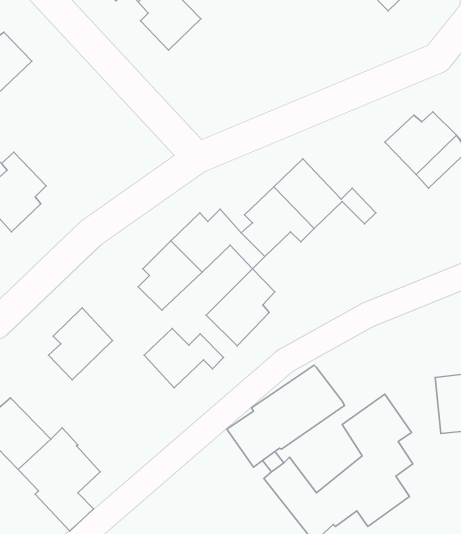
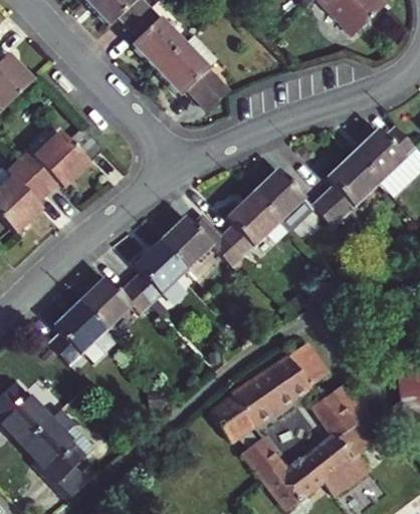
building: none -> [156,35,229,112]
building: none -> [17,127,103,193]
building: none -> [321,154,378,217]
building: [206,269,275,346] -> none
building: [144,328,224,388] -> [78,278,150,331]
building: none -> [288,341,331,386]

